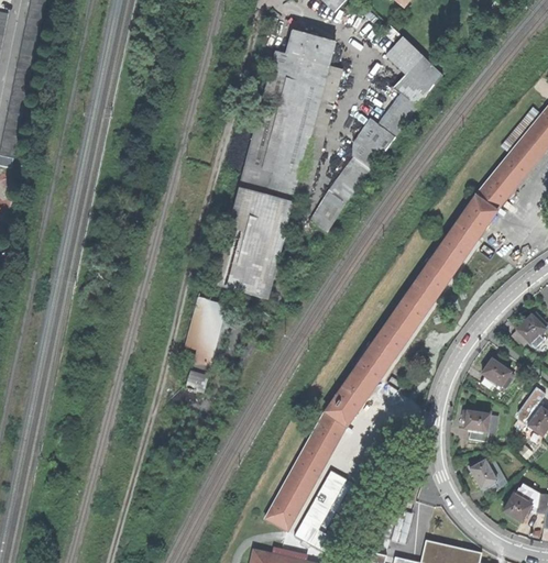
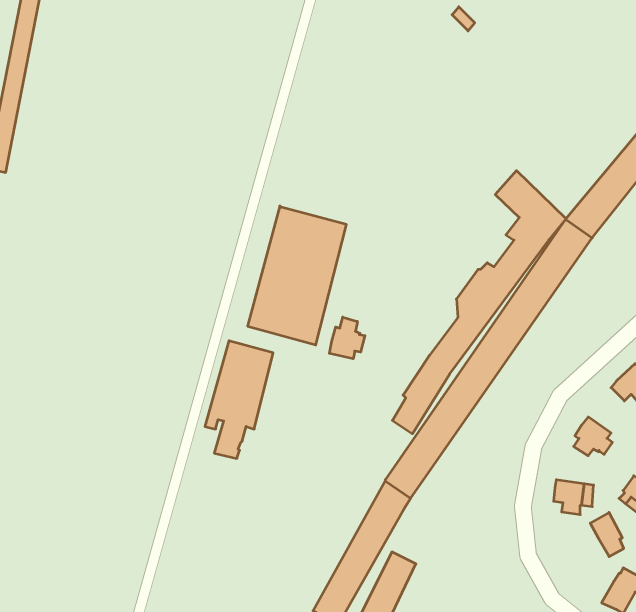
building: [240,29,338,201] -> none
building: [299,34,442,251] -> [392,171,566,434]
building: none -> [329,317,365,359]
building: [470,459,497,495] -> [590,512,624,557]

